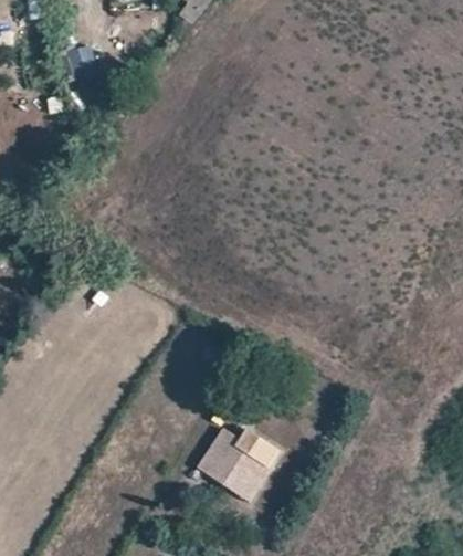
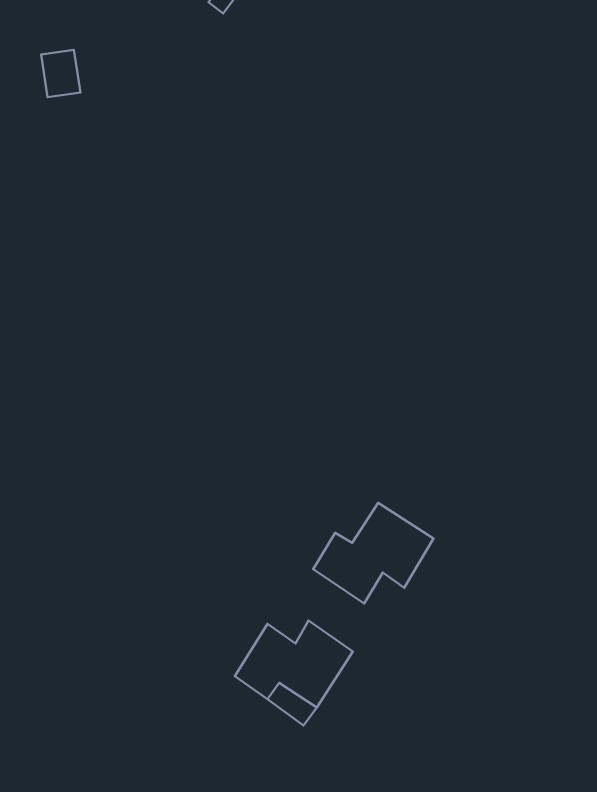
building: none -> [313,503,434,604]

